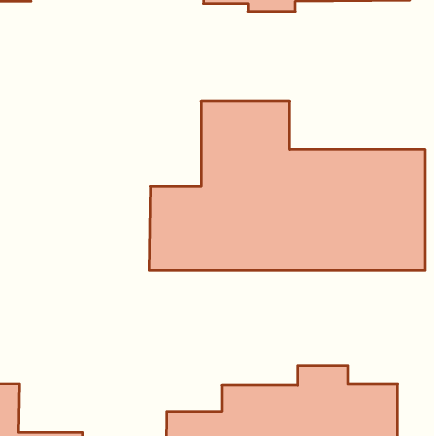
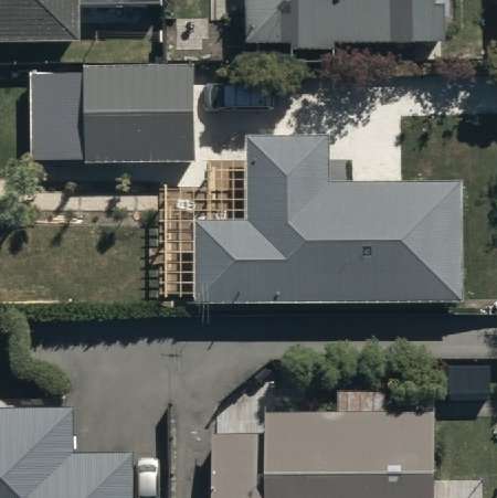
building: none -> [82,65,194,161]

